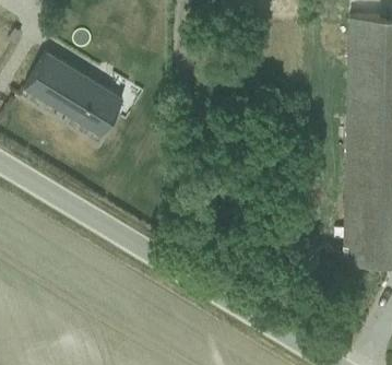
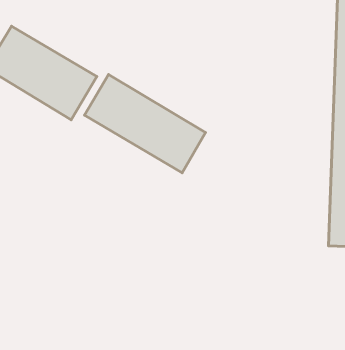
building: none -> [84,75,205,173]

